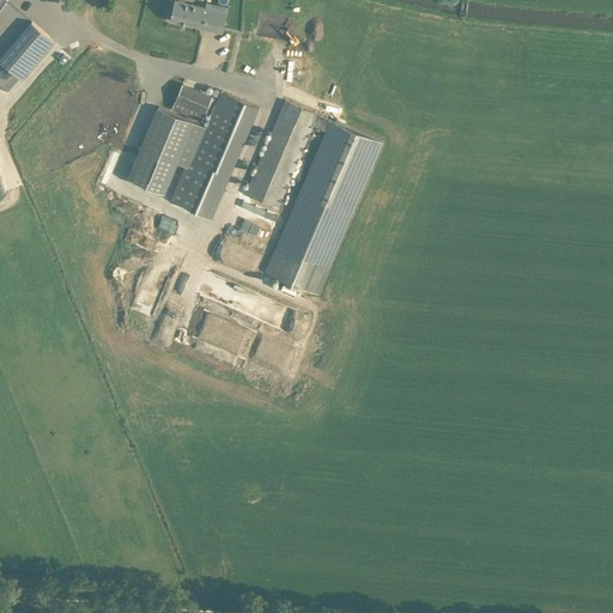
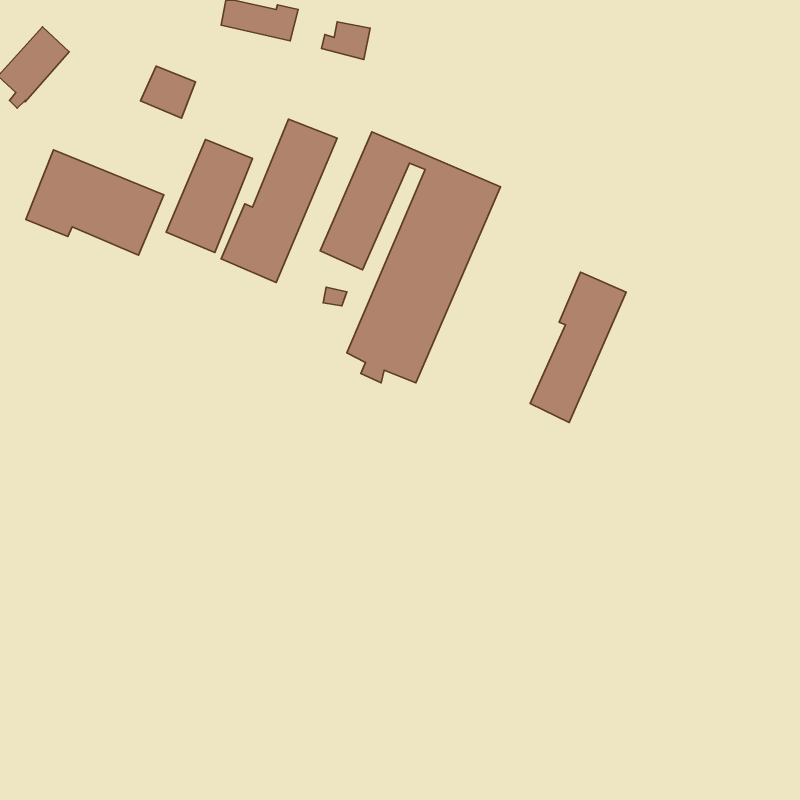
building: [170,84,212,123] -> [141,66,195,118]
building: none -> [26,150,164,255]
building: none -> [530,272,626,422]

